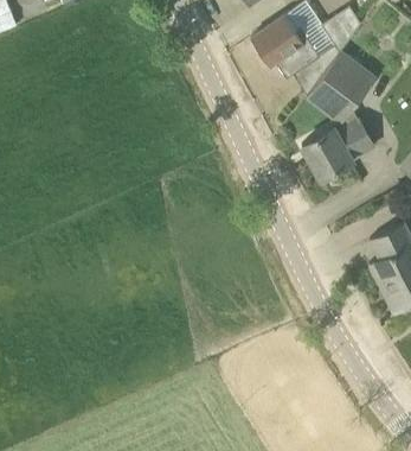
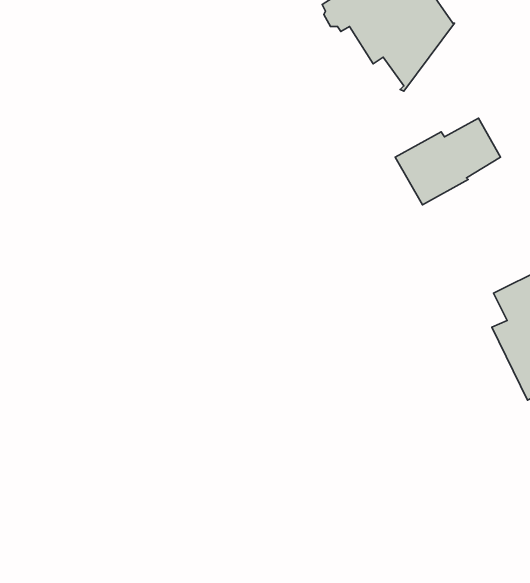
building: [307,51,375,123] -> none

